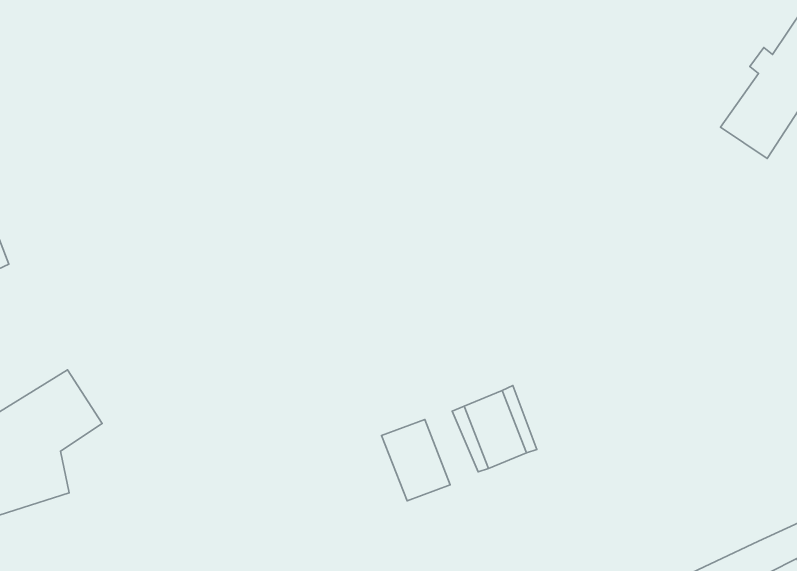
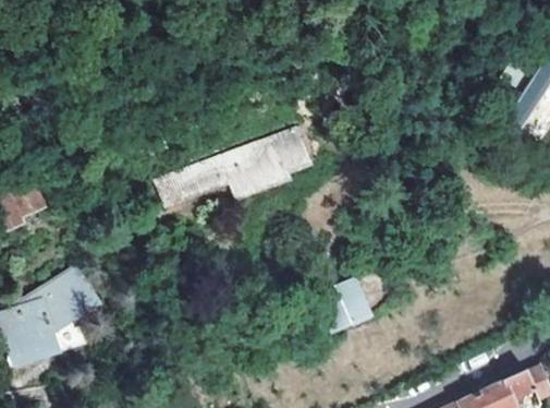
building: none -> [159,127,316,205]
building: [382,419,450,501] -> none

